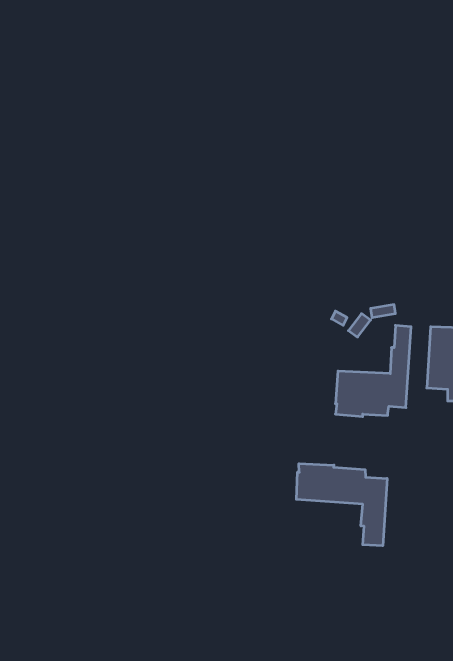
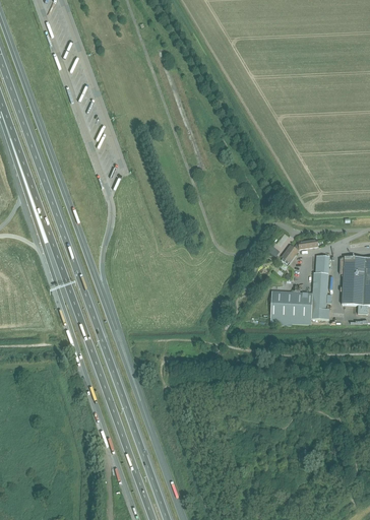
building: [296,464,387,546] -> none

